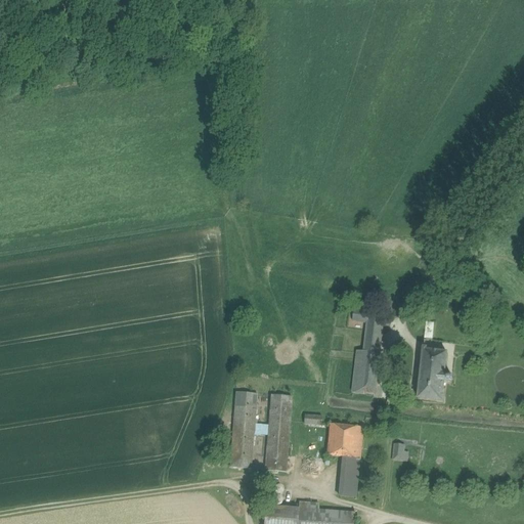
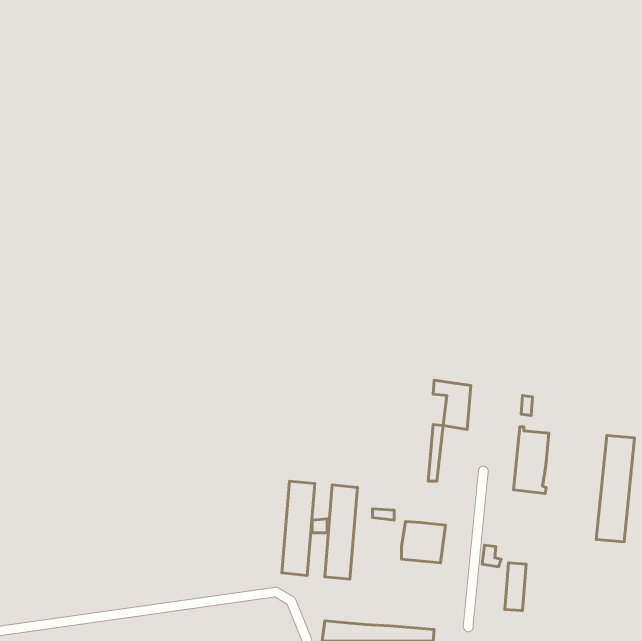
building: [355,346,380,394] -> none
building: none -> [596,436,634,542]
building: [341,457,358,496] -> [505,563,526,611]

